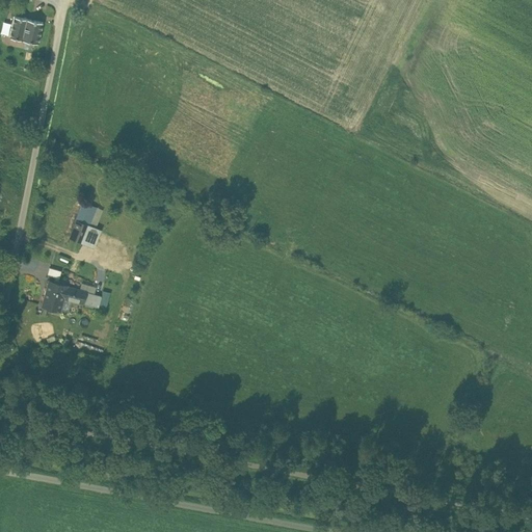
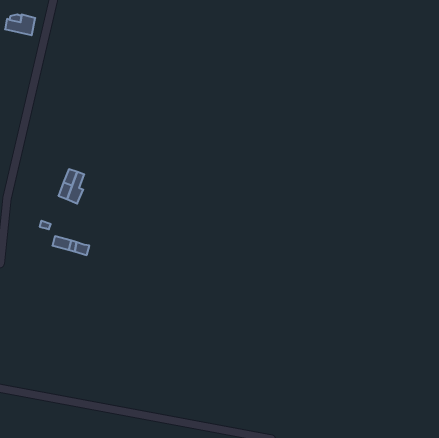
building: [43,282,66,311] -> none

